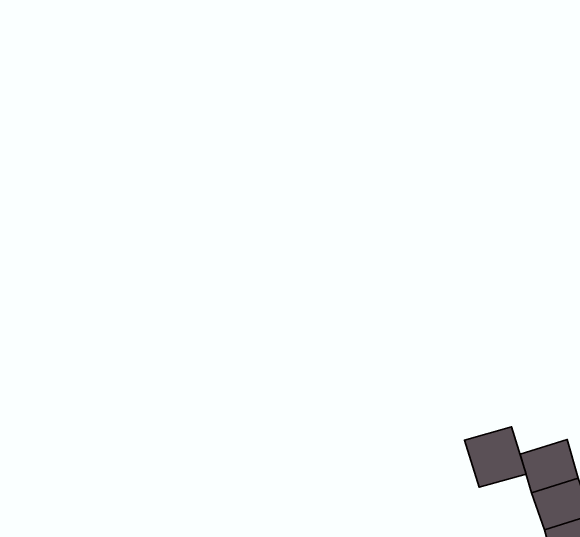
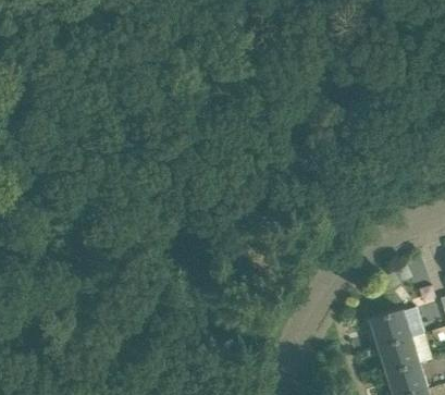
building: [464,427,526,487] -> none

